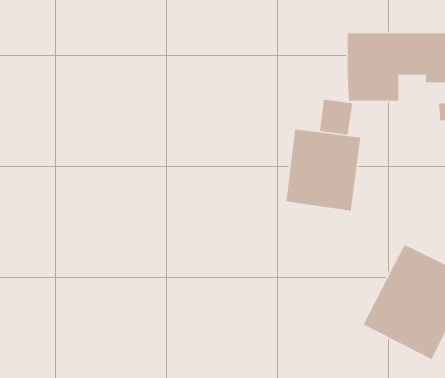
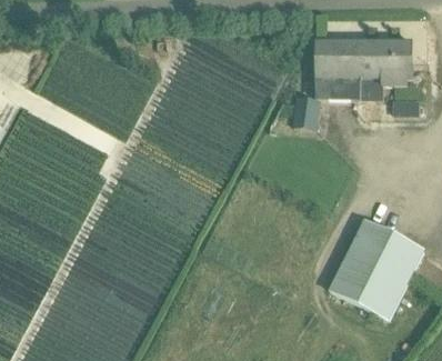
building: [285,129,361,211] -> none

